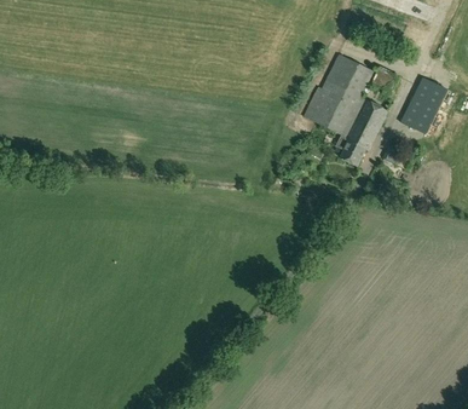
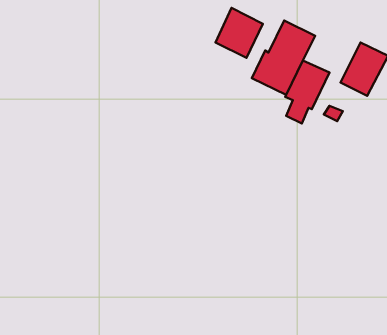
building: none -> [216,8,263,58]

